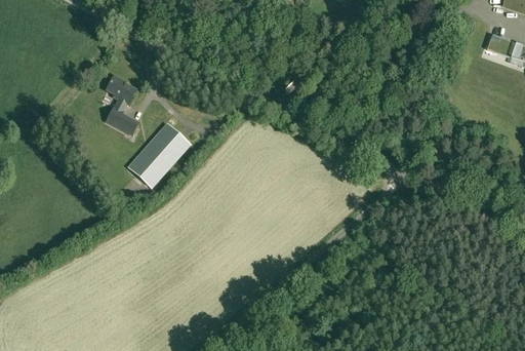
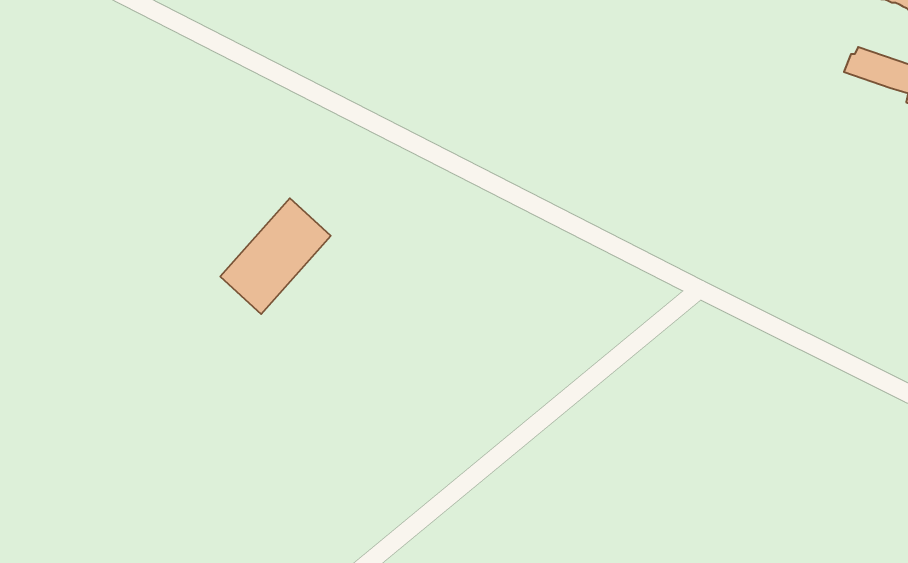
building: [105,77,137,135] -> none

